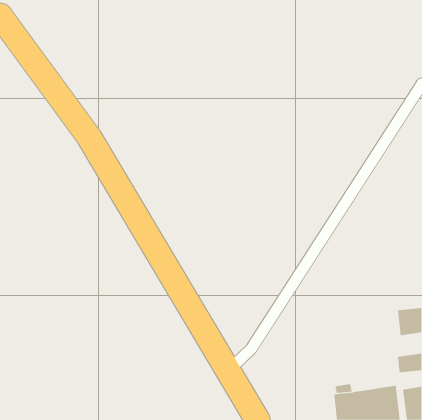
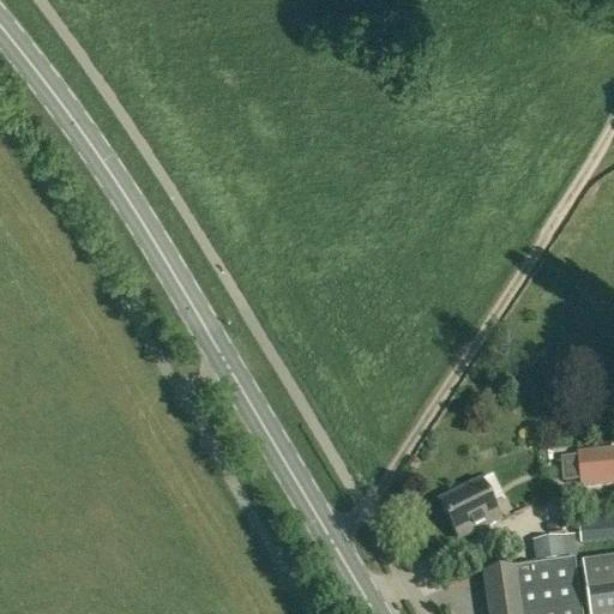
building: none -> [439,480,500,538]
building: none -> [534,534,577,565]

